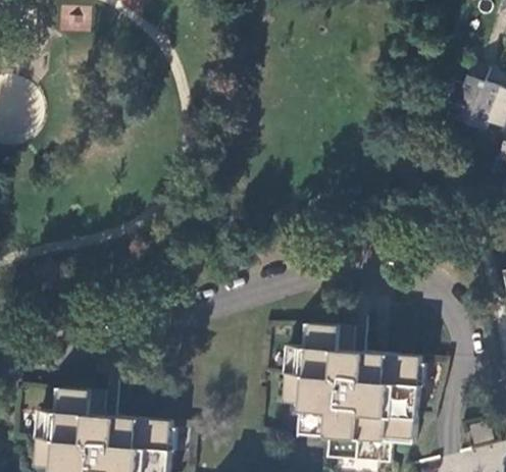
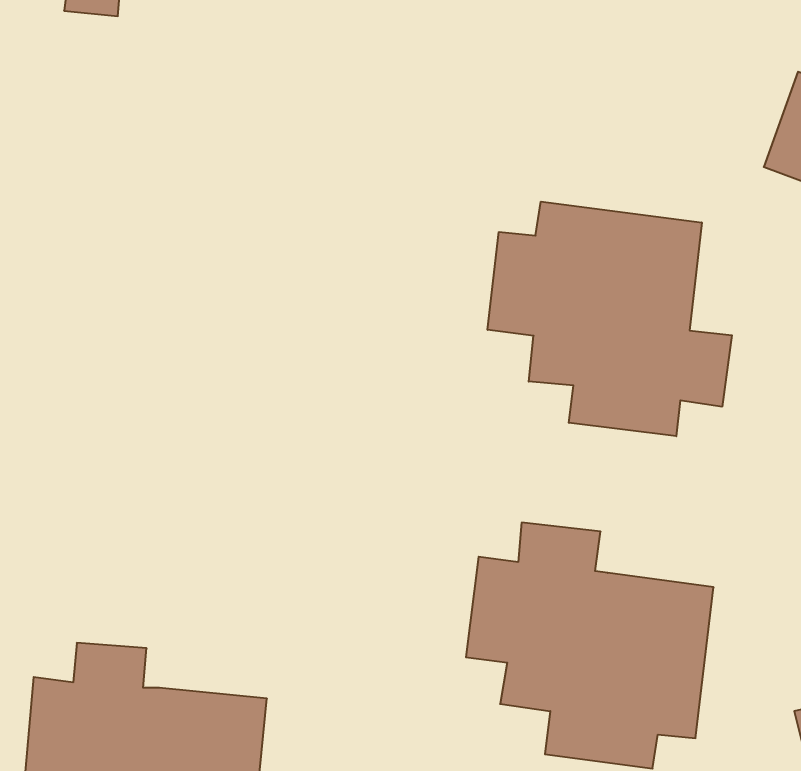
building: none -> [488,202,732,436]

